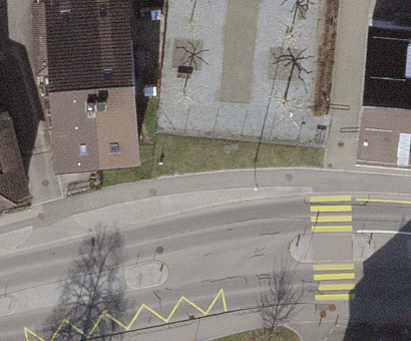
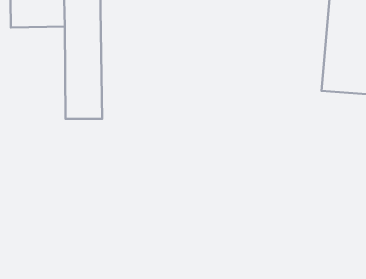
building: [40,63,97,160] -> none

